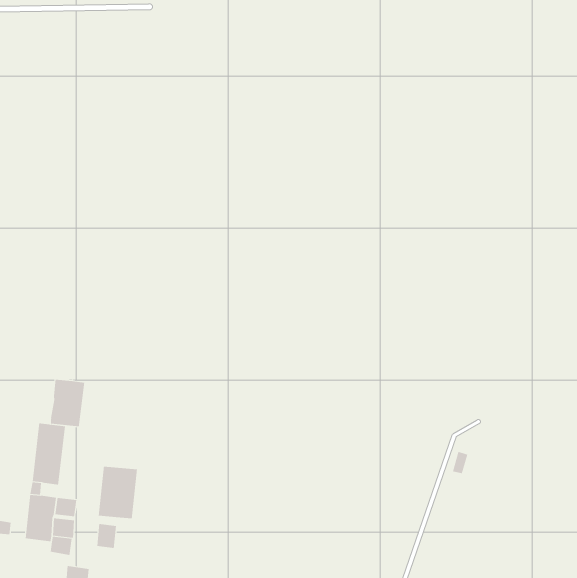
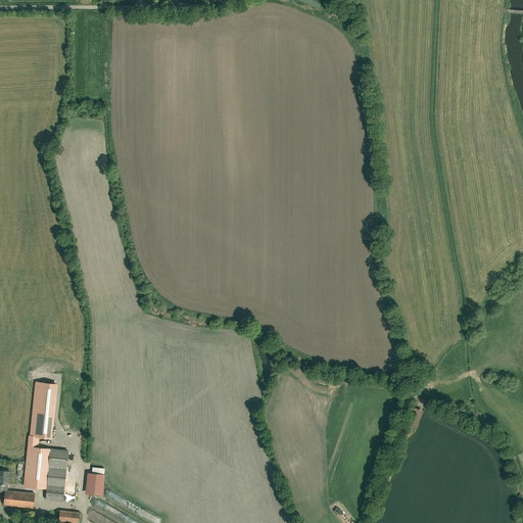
building: [50,379,85,427] -> none
building: [98,466,137,519] -> none
building: none -> [4,491,36,510]

